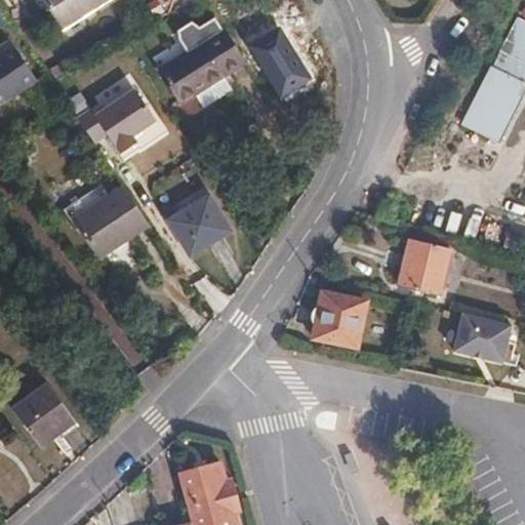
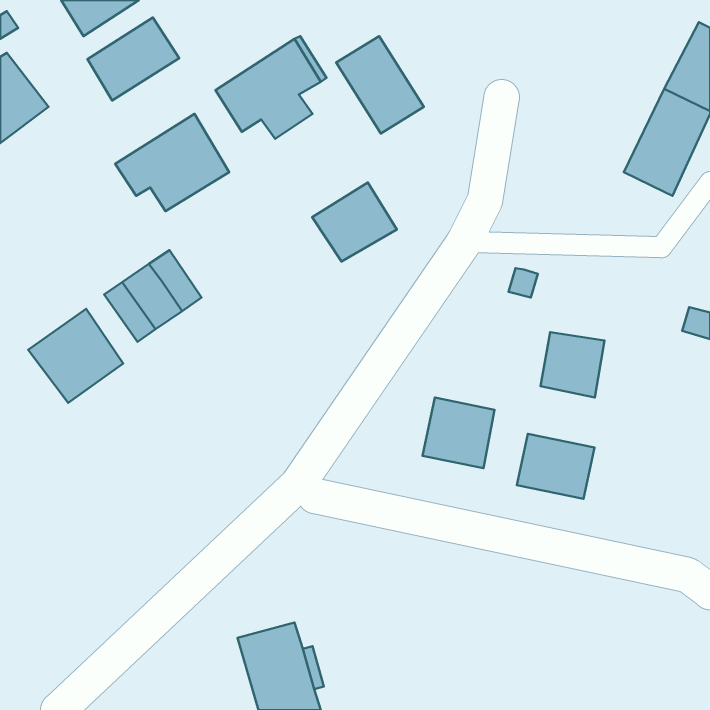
building: none -> [87,17,179,100]
building: [167,195,230,253] -> [312,182,397,262]
building: none -> [28,309,123,403]
building: [454,314,512,362] -> [517,434,595,499]
building: [13,383,74,445] -> none

